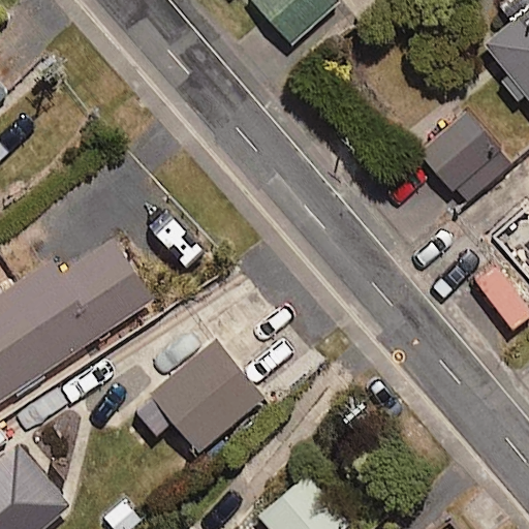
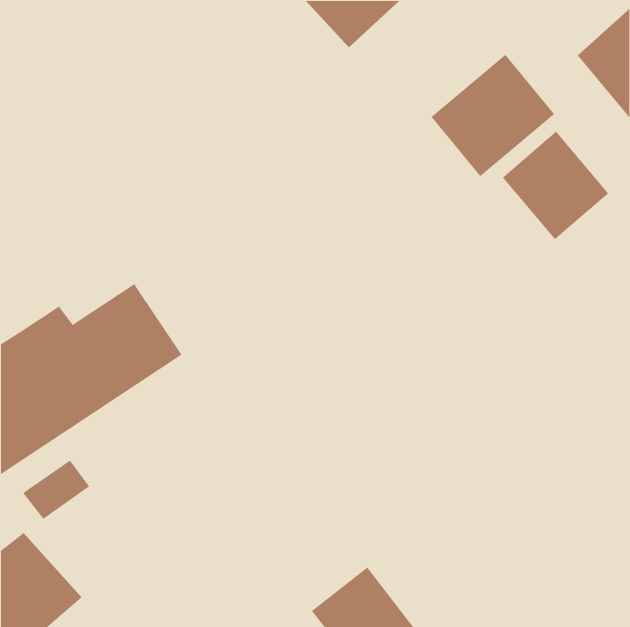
building: none -> [431,54,555,177]
building: [133,340,264,450] -> none

